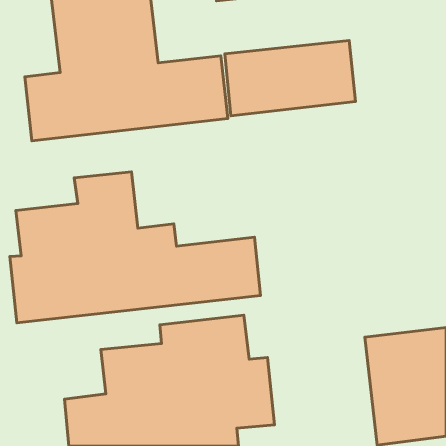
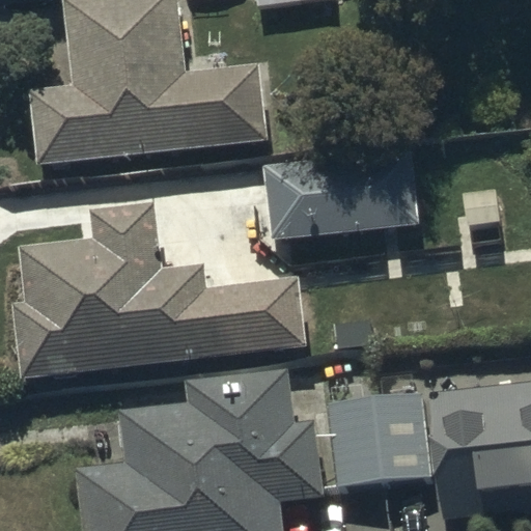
building: [225,40,355,116] -> [264,149,418,237]
building: none -> [326,392,428,486]

